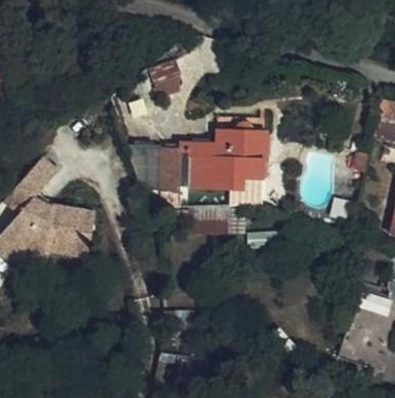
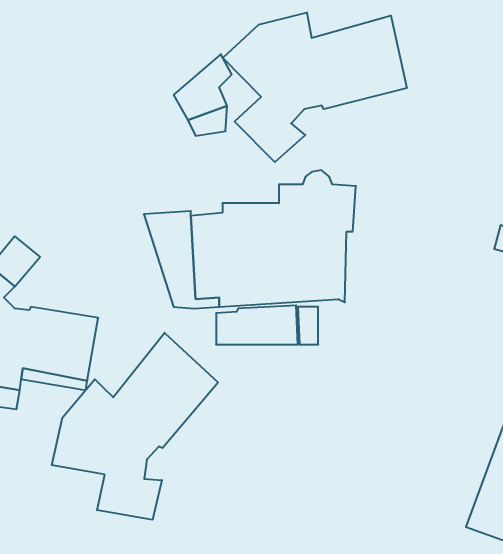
building: none -> [223,12,407,162]
building: none -> [52,333,218,520]

